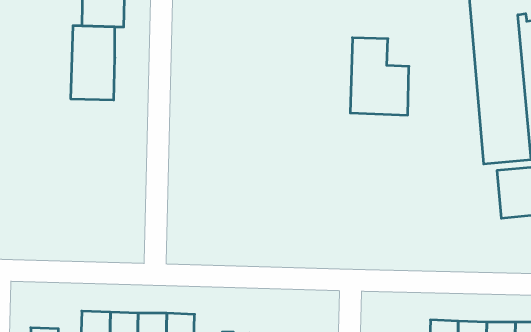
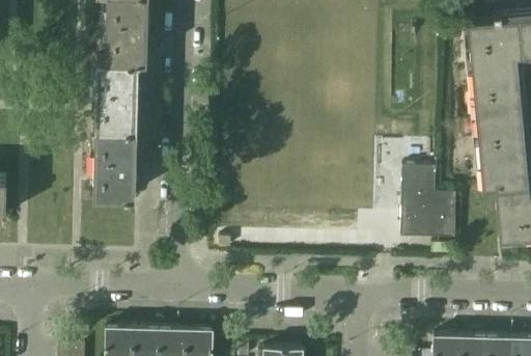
building: [350,38,409,115] -> [400,167,455,240]
building: none -> [94,129,137,197]

